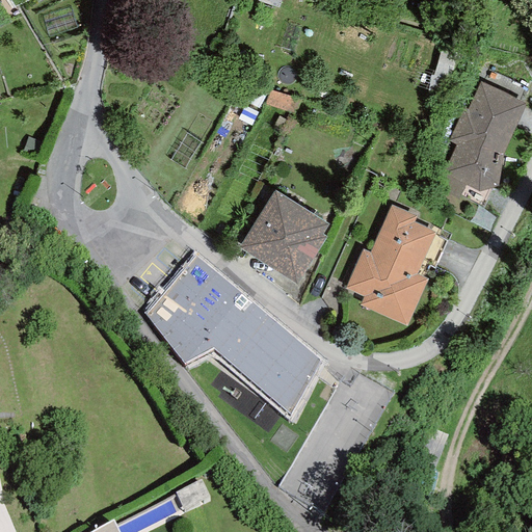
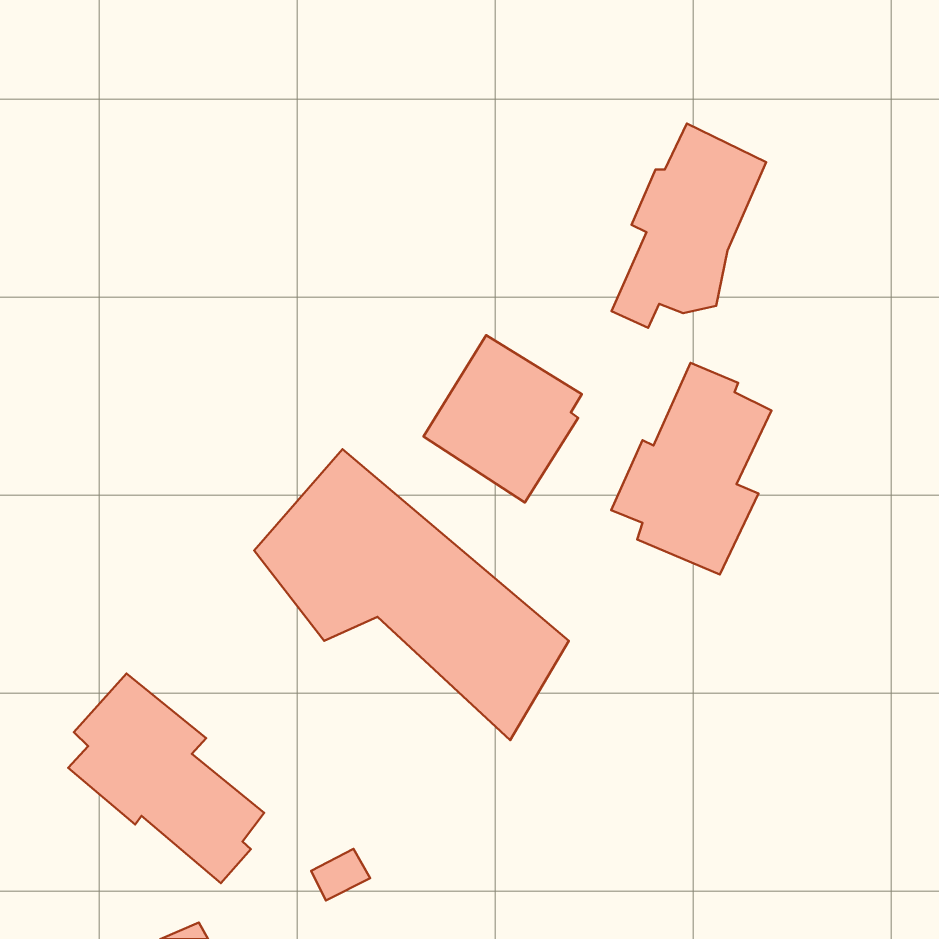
building: [438,82,526,197] -> [611,124,766,328]
building: none -> [68,673,264,883]

